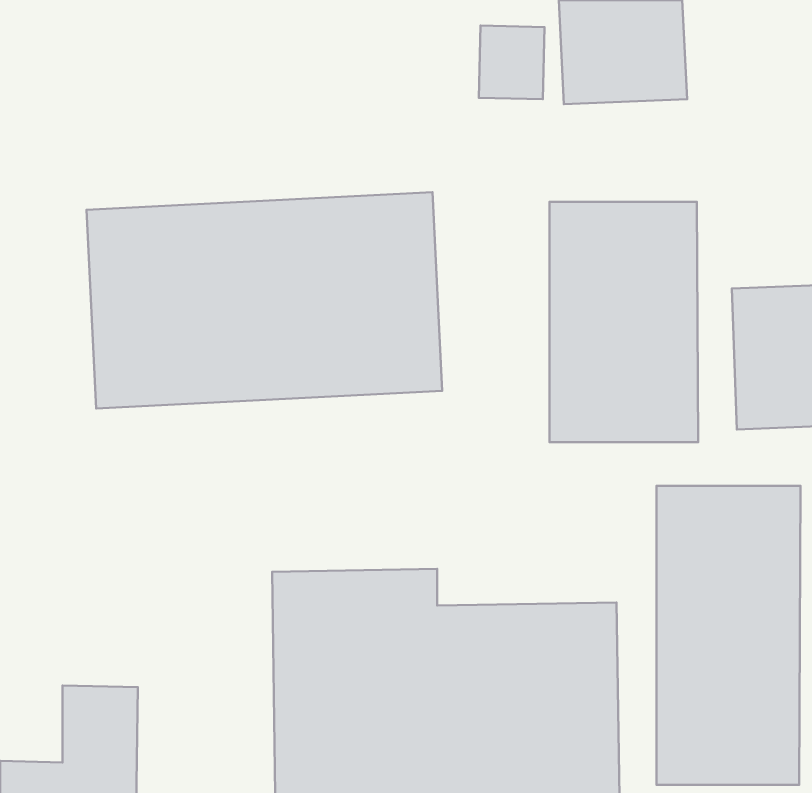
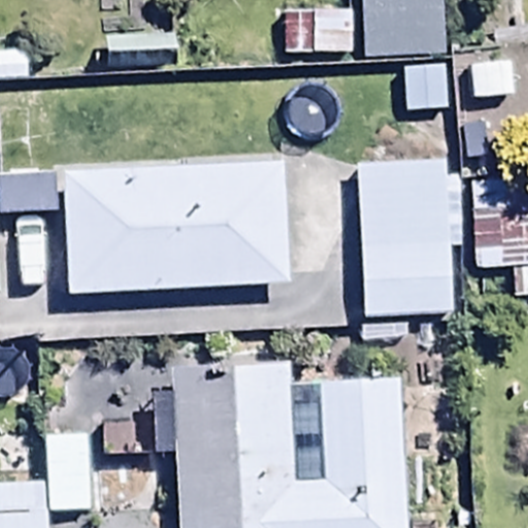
building: [656,486,801,785] -> none

